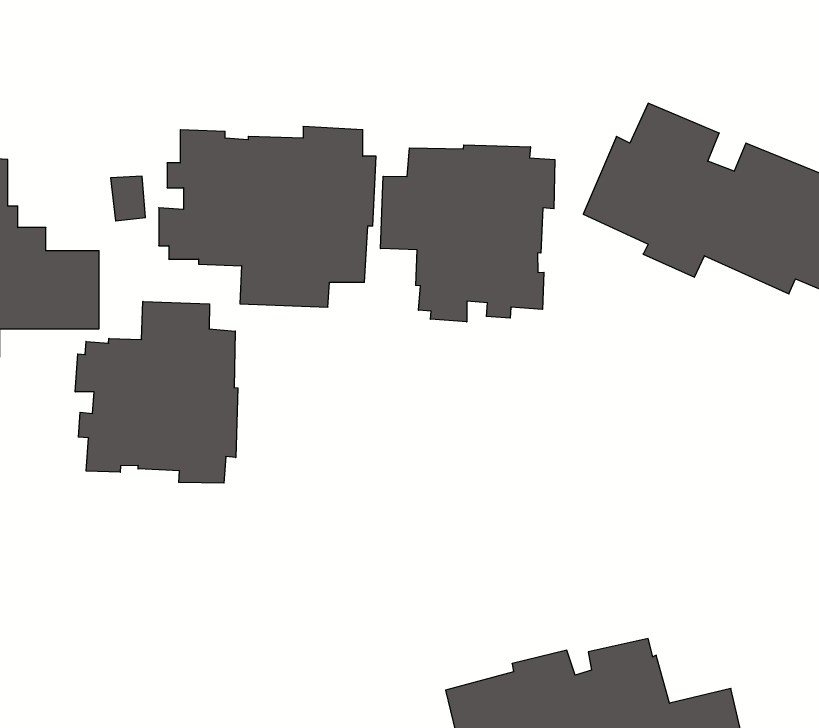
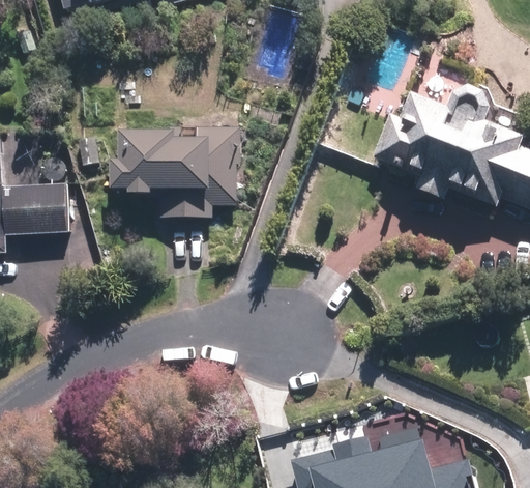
building: [381,145,555,322] -> none
building: [75,301,238,483] -> none

